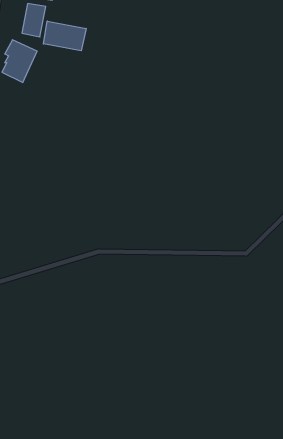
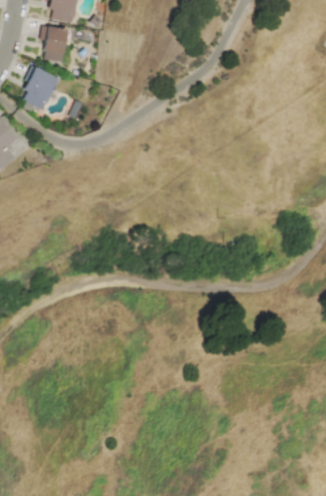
building: [43,21,86,51] -> none

